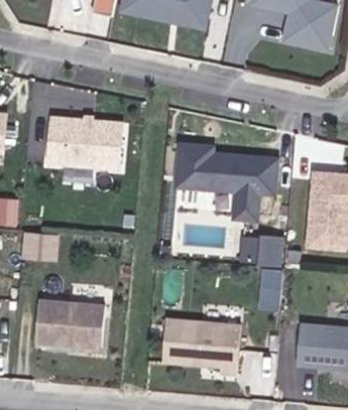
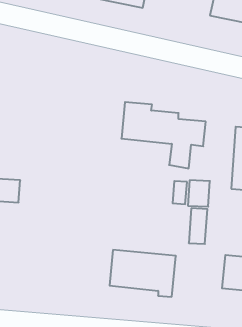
building: [48,117,123,168] -> none
building: [38,300,108,347] -> none

